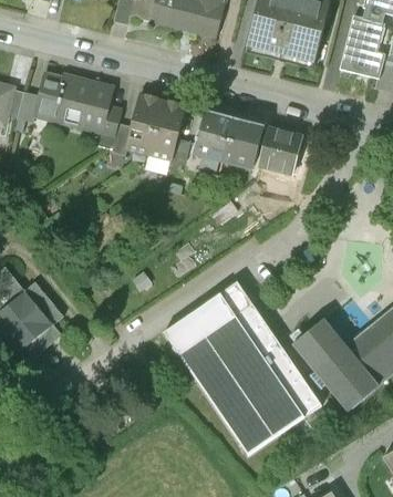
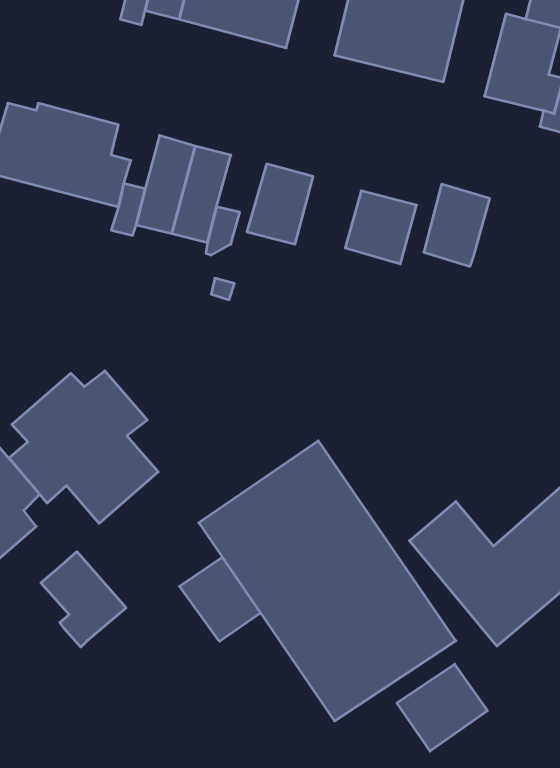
building: [223,117,263,168] -> [424,184,490,266]
building: none -> [9,371,158,523]
building: none -> [41,552,126,647]
building: none -> [179,557,260,641]
building: none -> [397,664,487,751]

